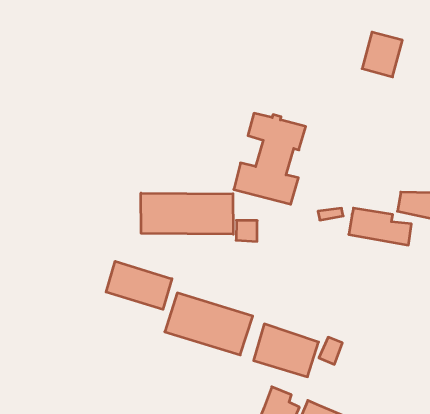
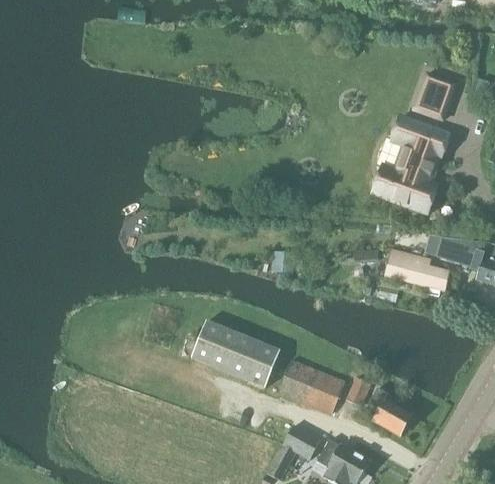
building: [234,113,306,204] -> [372,117,450,212]
building: [141,193,233,234] -> none
building: [106,261,172,309] -> none
building: none -> [368,387,412,436]

